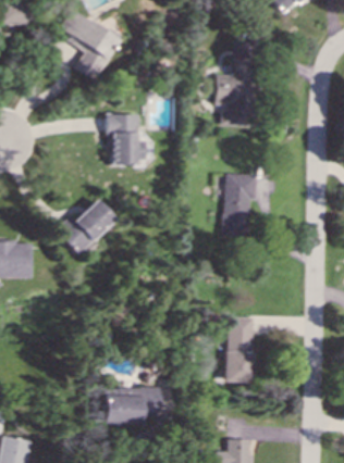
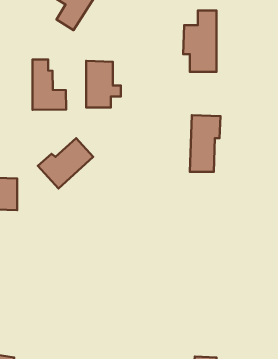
building: none -> [32,59,66,110]
building: [225,316,255,384] -> none
building: [105,387,161,425] -> none

